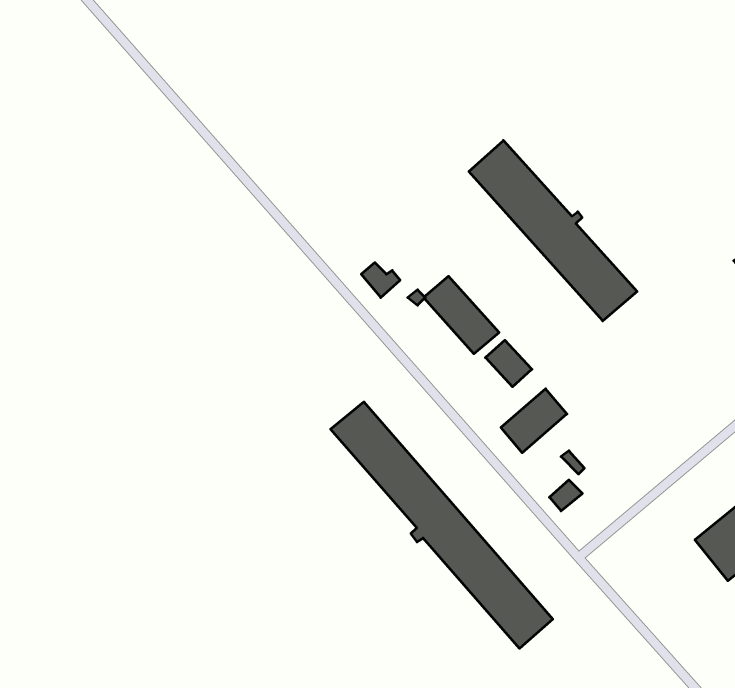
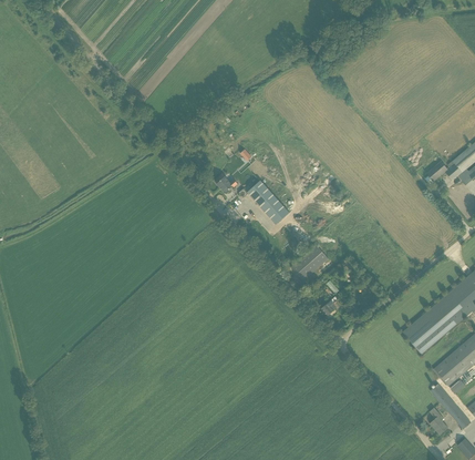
building: [469,140,637,321] -> none
building: [331,402,553,648] -> none

